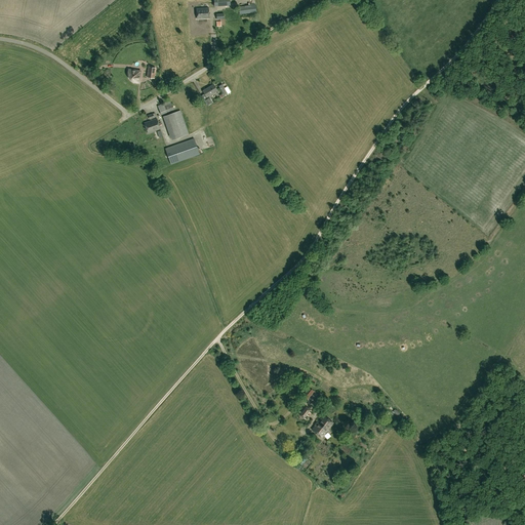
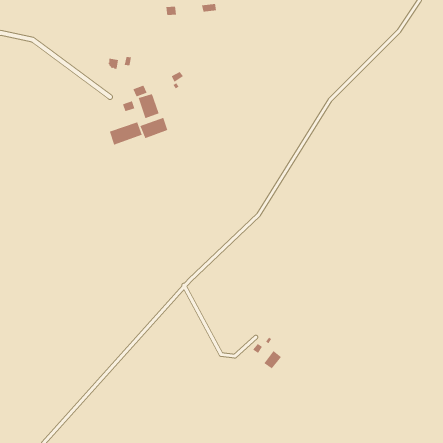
building: none -> [109,122,143,145]

